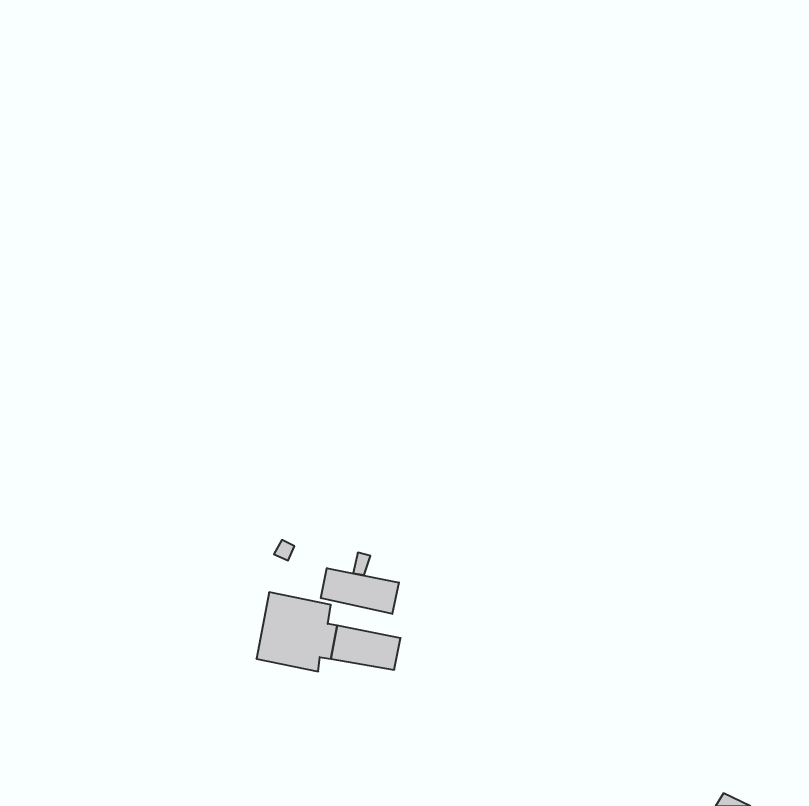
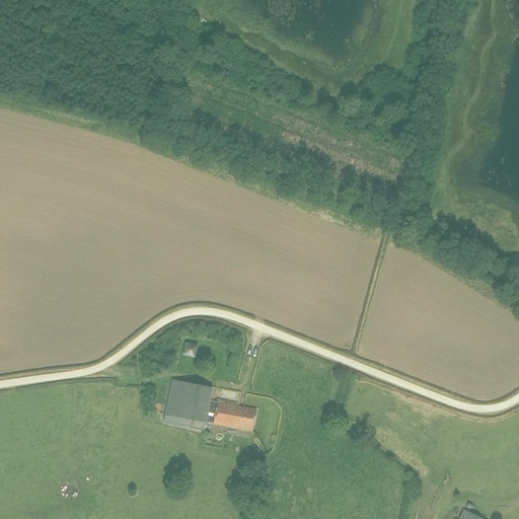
building: [321,568,399,614] -> none

